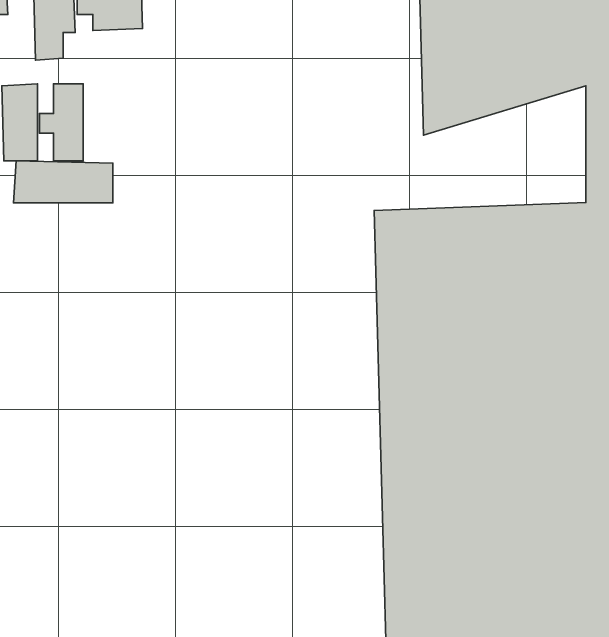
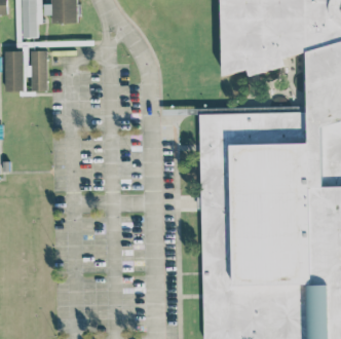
building: [14,161,113,203] -> none

